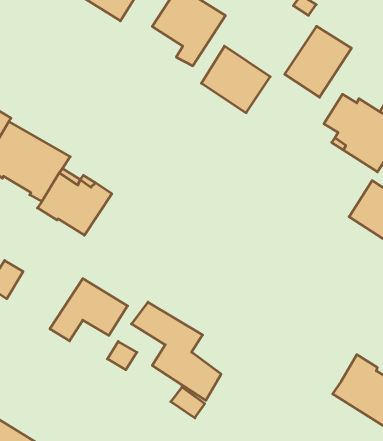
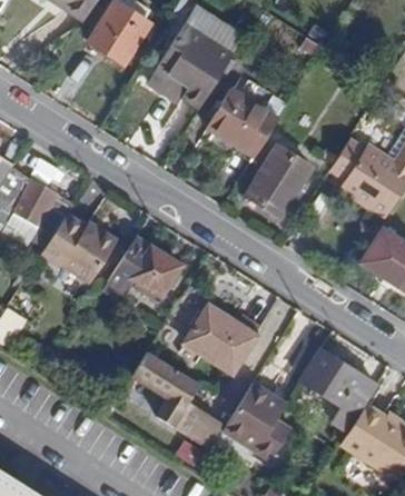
building: [285,26,351,97] -> [245,146,313,218]
building: none -> [185,306,256,374]
building: [50,279,128,341] -> [101,238,180,301]
building: none -> [302,351,376,430]
building: none -> [224,378,290,459]

